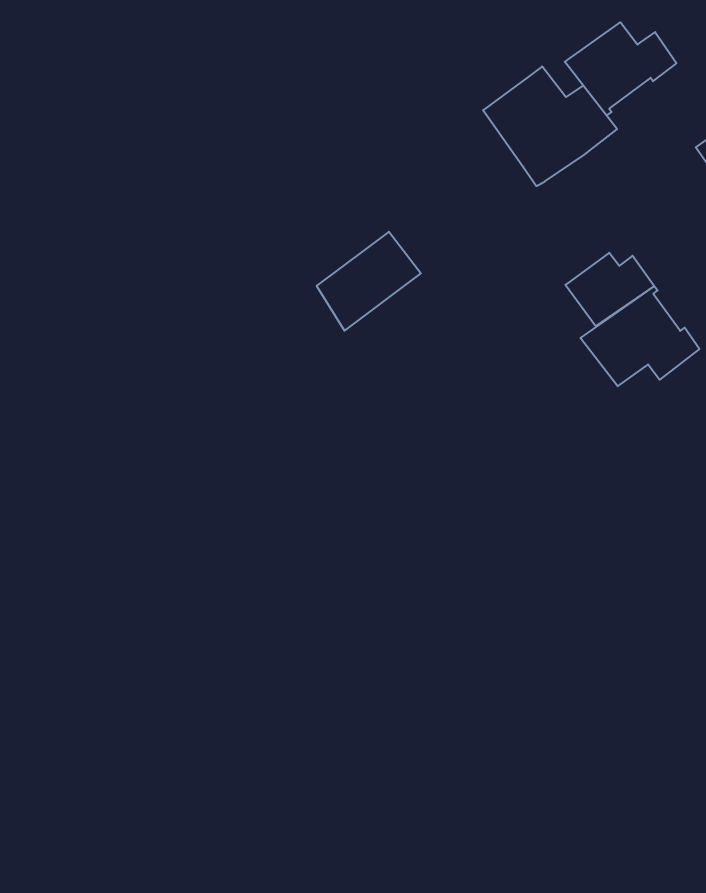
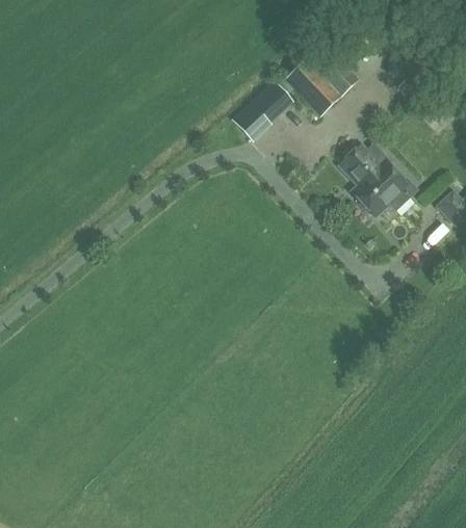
building: [565,22,676,115] -> none
building: [317,232,421,331] -> [237,82,291,137]

